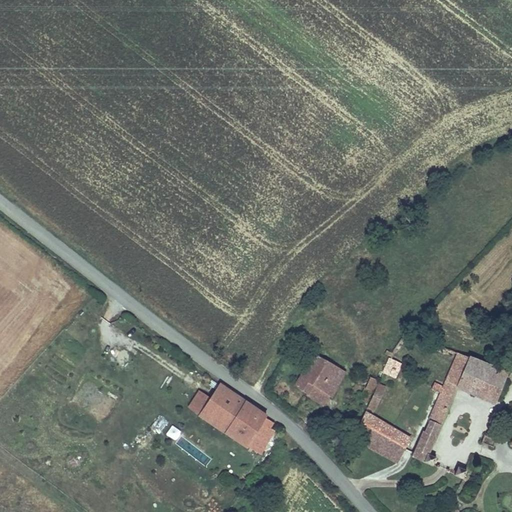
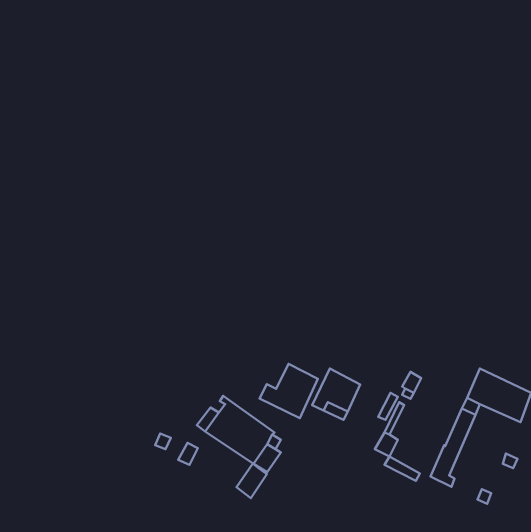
building: none -> [260,364,318,418]
building: [372,420,409,452] -> none
building: none -> [236,463,267,498]

